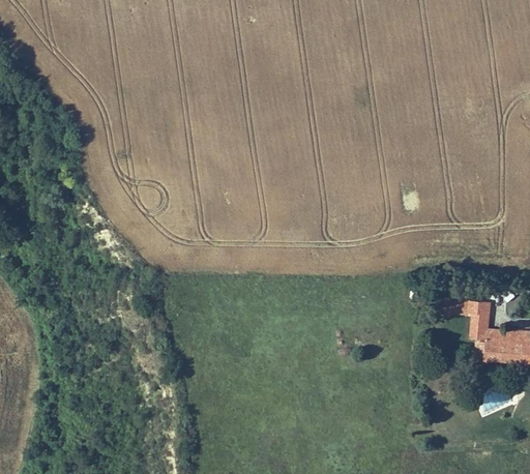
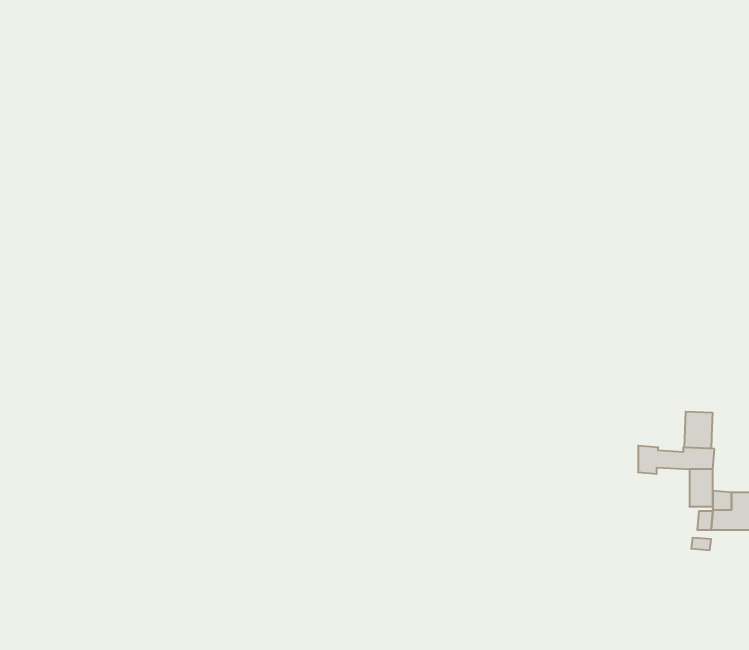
building: none -> [685,412,712,448]

